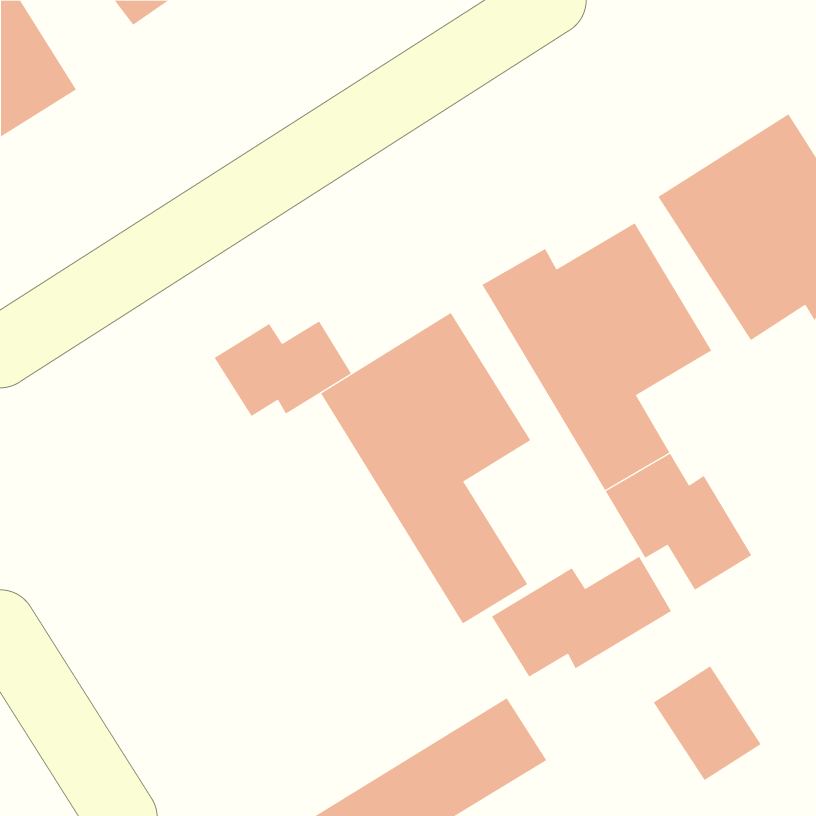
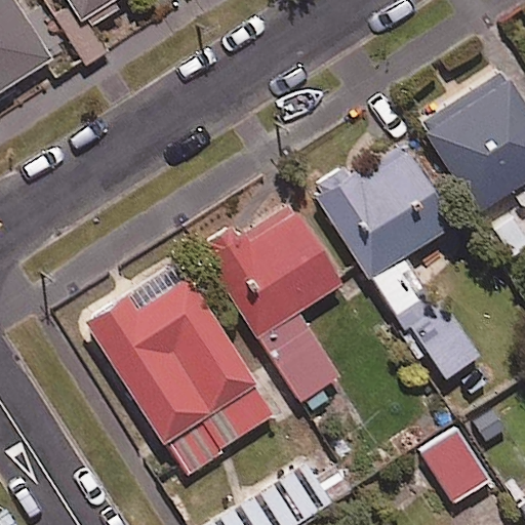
building: [214,320,352,417] -> none
building: none -> [79,276,277,477]
building: [491,556,672,678] -> none

